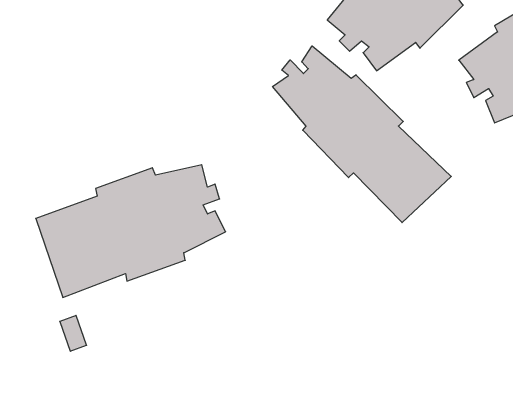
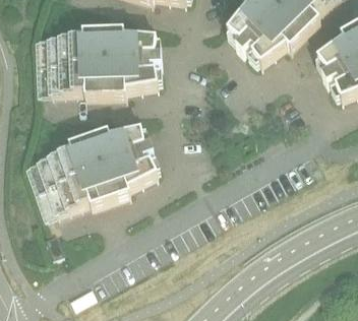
building: none -> [36,25,160,93]
building: [273,46,451,223] -> none

